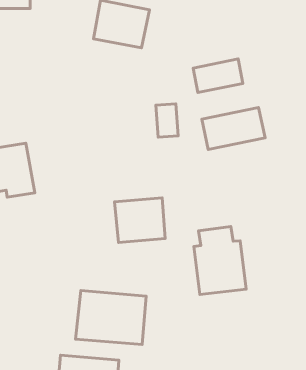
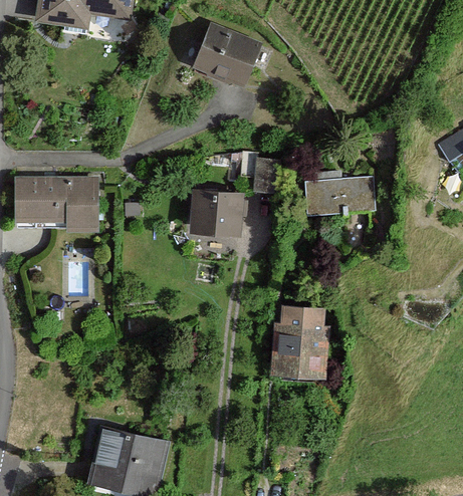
building: [193,59,243,93] -> none
building: [115,198,165,242] -> [189,189,247,240]
building: [75,291,146,344] -> none

